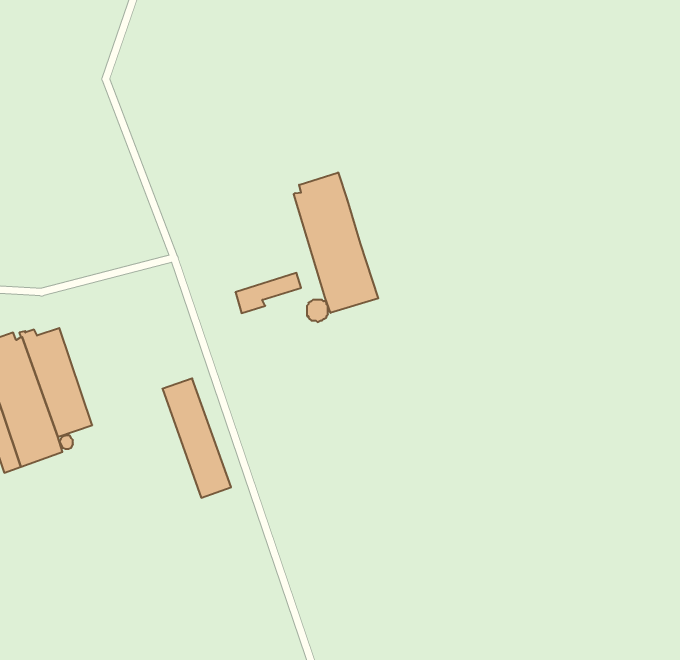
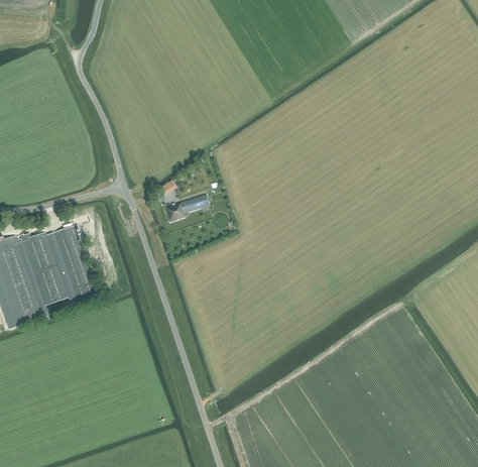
building: [294,172,378,313] -> none
building: [162,378,231,498] -> [51,224,98,305]

